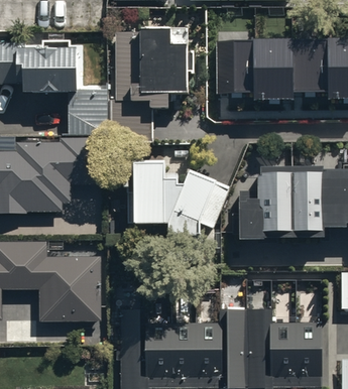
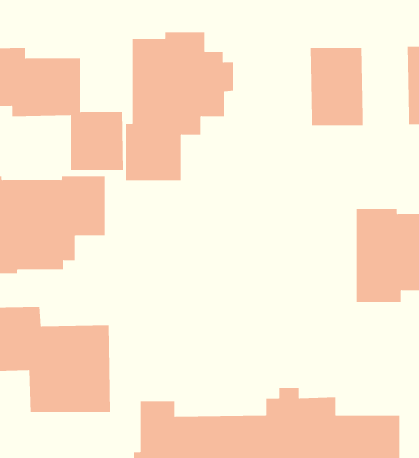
building: [293,38,328,93] -> none
building: [219,39,253,94] -> none
building: [120,154,231,236] -> none
building: [238,163,287,236] -> none

